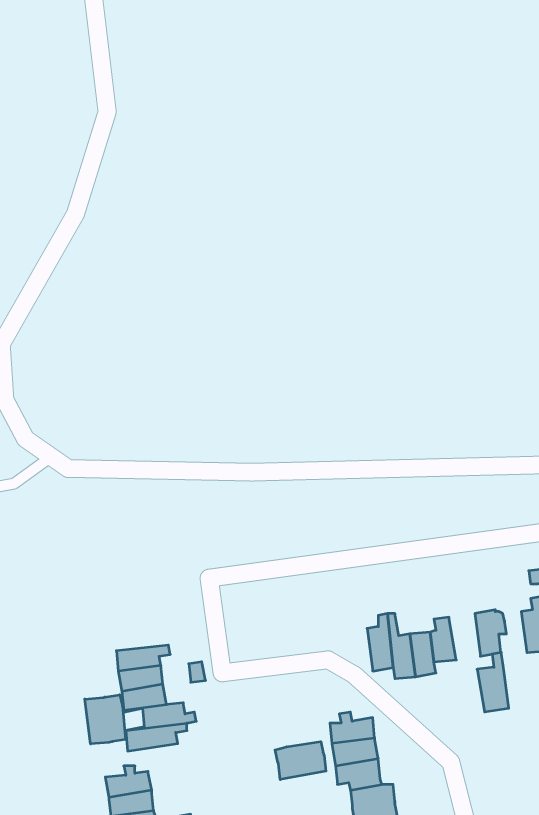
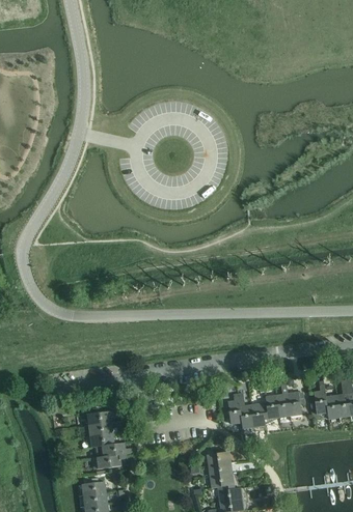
building: [477,652,509,712] -> [273,386,291,419]
building: [85,695,126,744] -> none
building: [275,742,326,780] -> none

